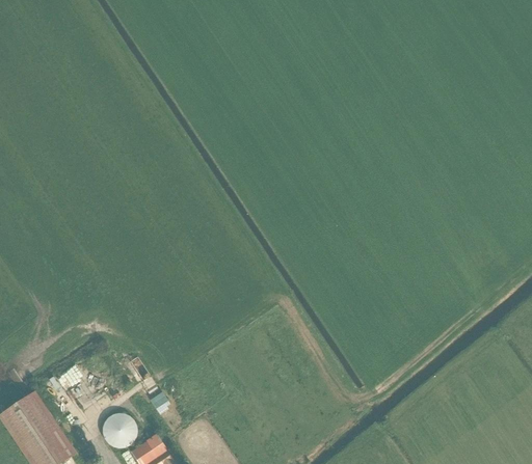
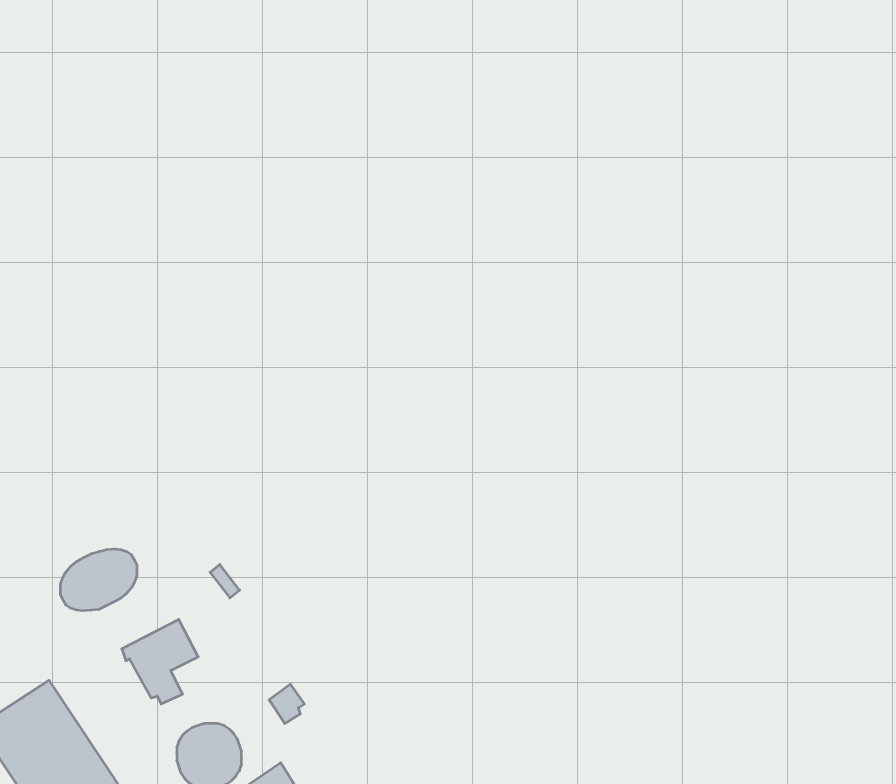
building: none -> [61,549,137,611]

